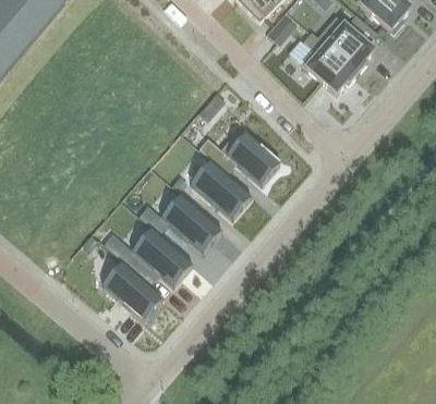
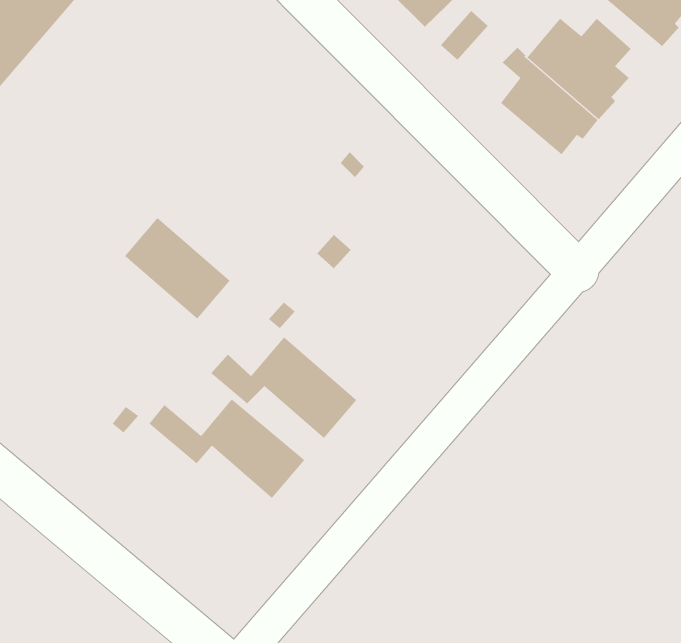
building: [220,127,280,184] -> none
building: [191,161,251,219] -> [124,217,230,320]
building: [102,262,162,320] -> none

